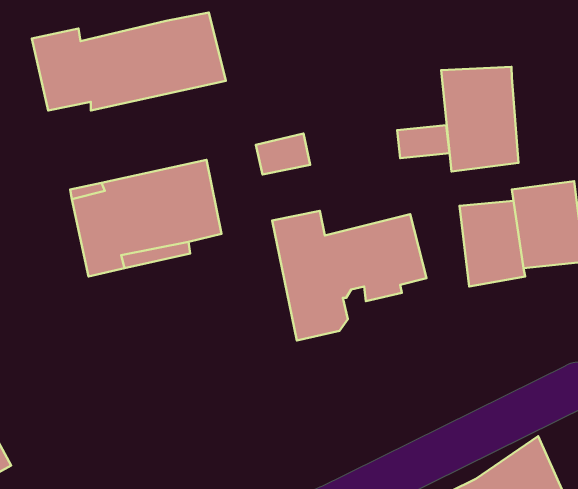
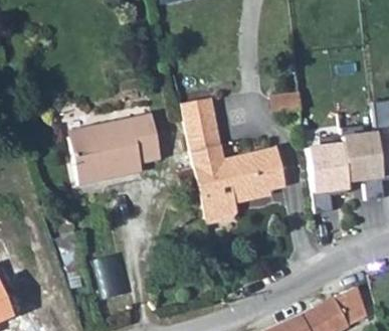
building: [32,12,226,110] -> none
building: [441,67,518,172] -> none
building: none -> [186,117,221,151]

